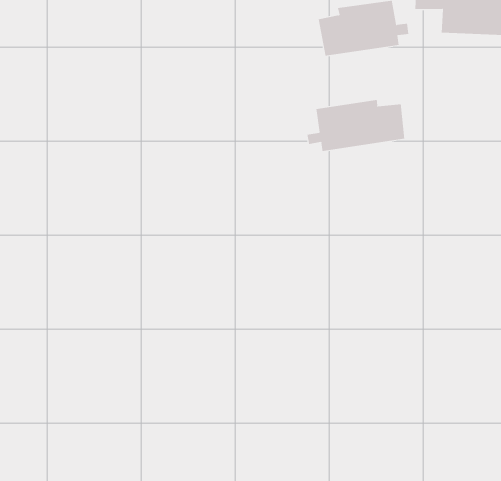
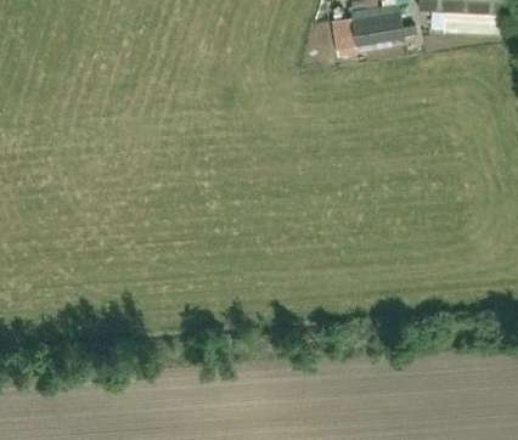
building: [307,99,405,152] -> none

